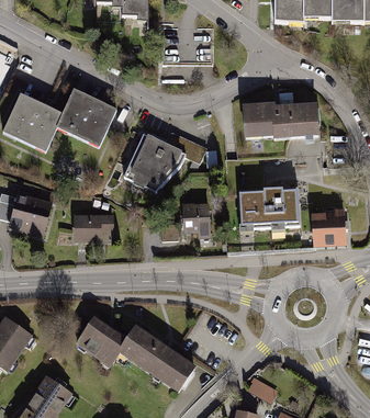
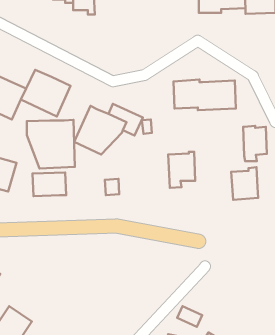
building: none -> [27,120,75,168]
building: [269,188,298,230] -> [243,126,267,161]
building: [182,202,211,237] -> none
building: [75,318,195,394] -> none

